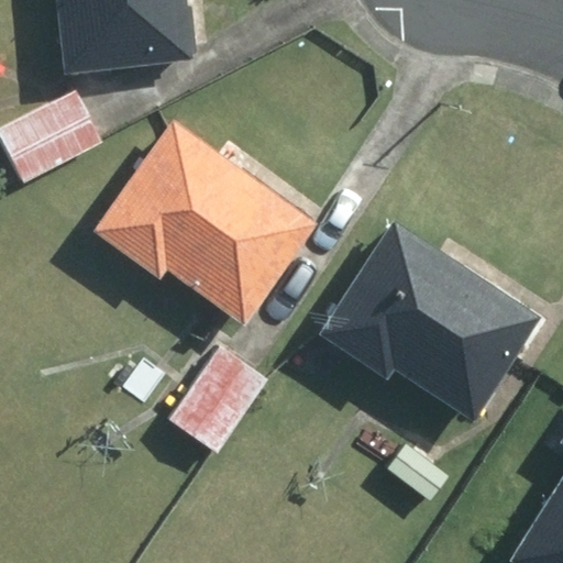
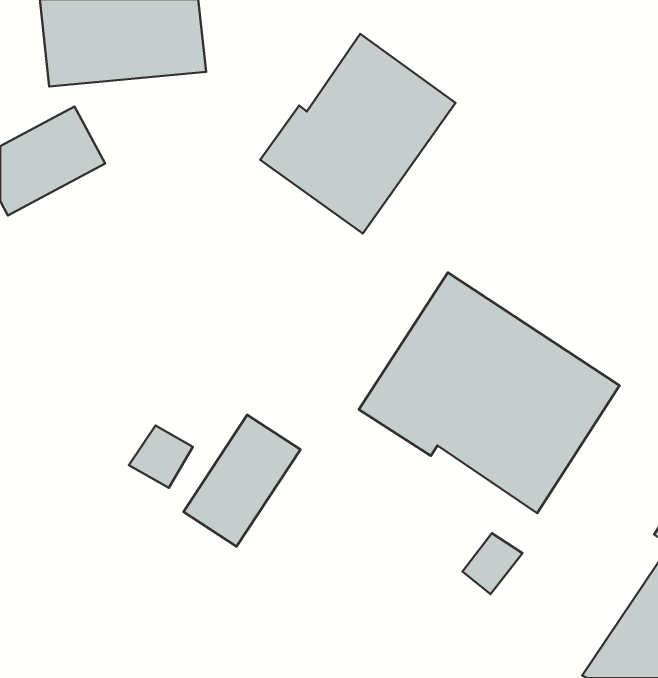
building: none -> [260,34,455,233]
building: [92,122,308,322] -> none

